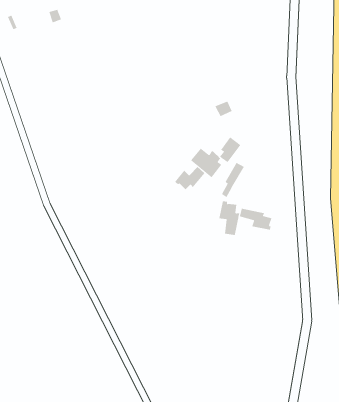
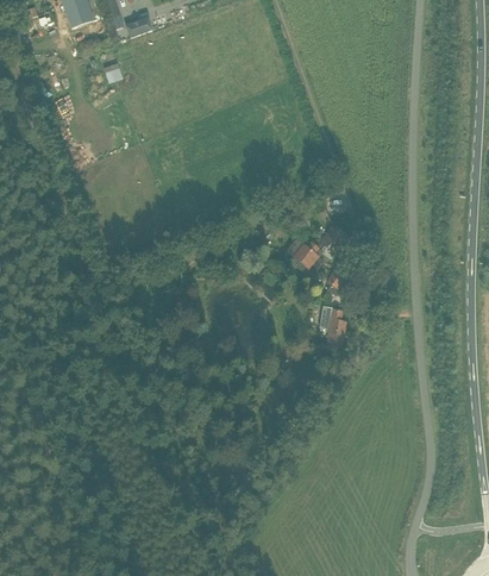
building: [174,166,205,190] -> none
building: [239,208,272,231] -> none

